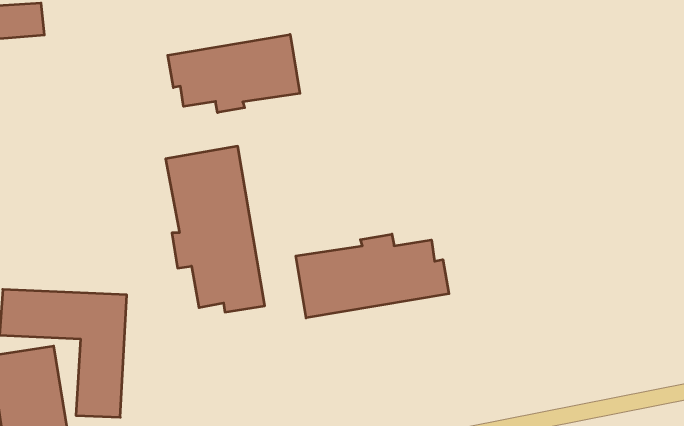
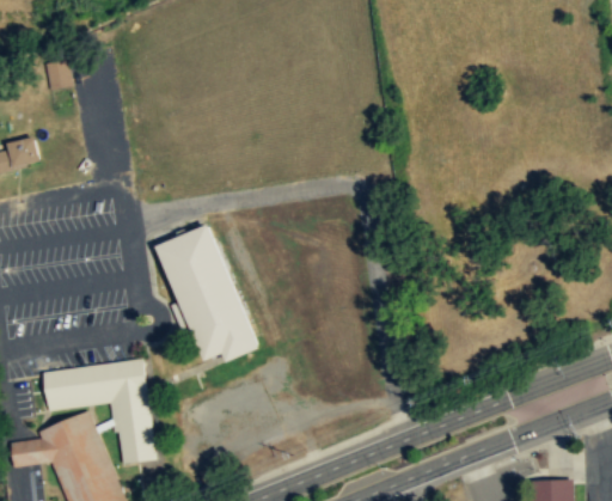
building: [168,34,300,113] -> none
building: [296,234,449,318] -> none

